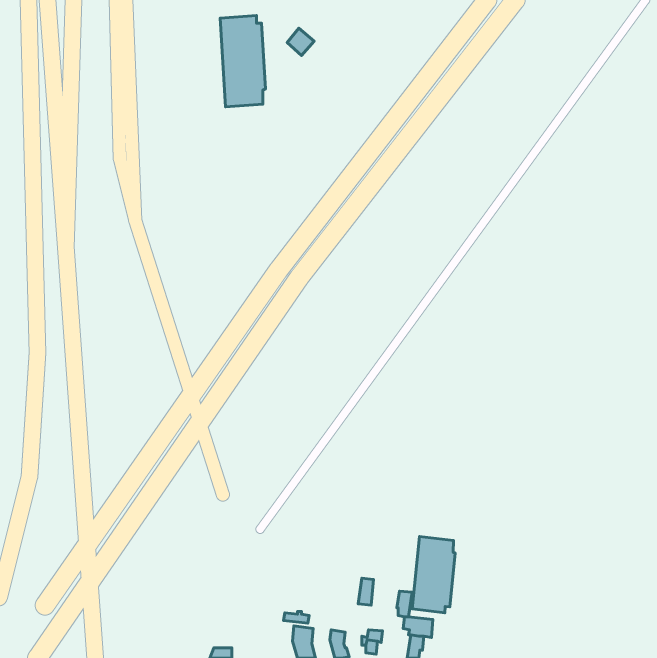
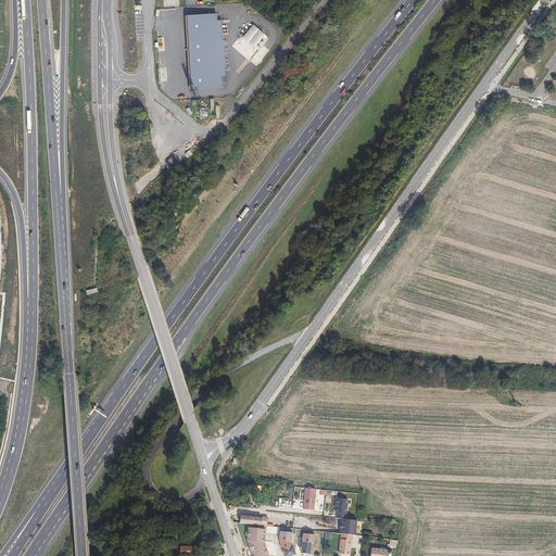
building: [412,537,455,613] -> none

